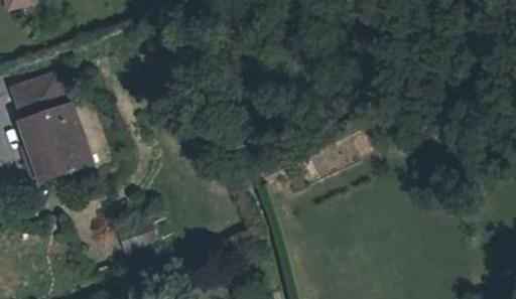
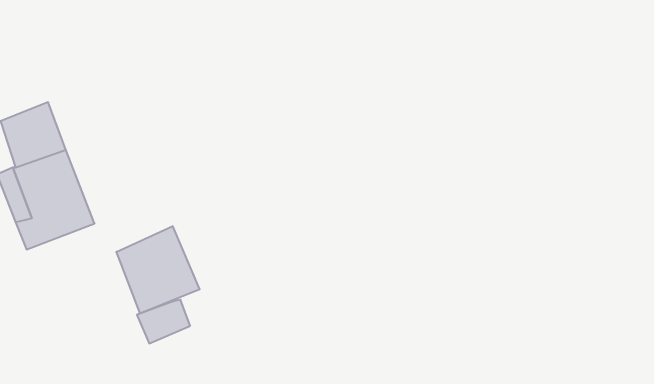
building: none -> [116,226,200,314]

